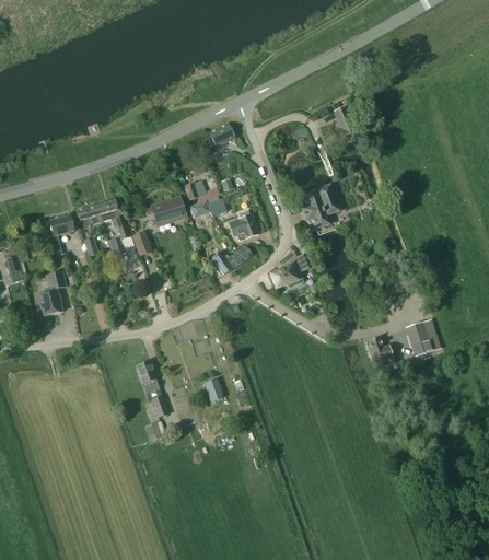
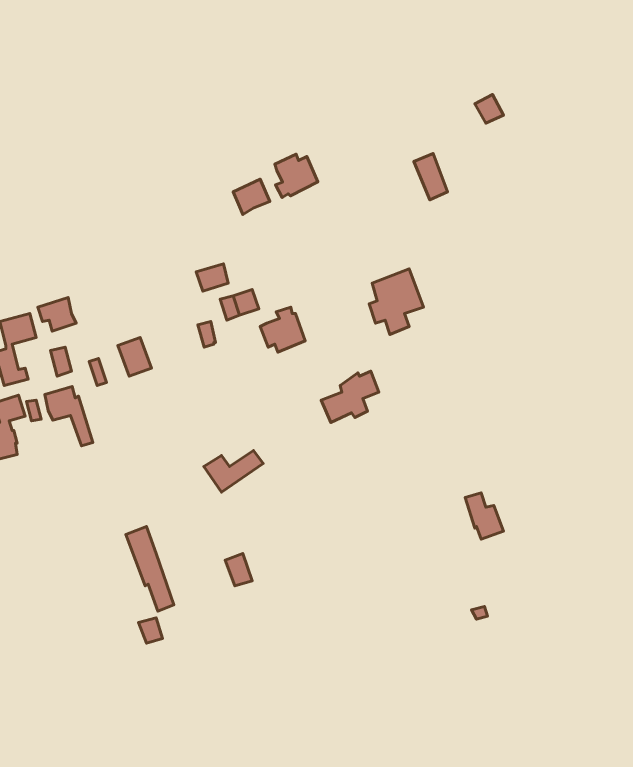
building: none -> [275,154,318,197]
building: [96,198,129,238] -> [45,387,93,446]
building: [145,199,186,224] -> none
building: [211,246,252,275] -> [204,451,263,492]
building: [406,323,431,355] -> none

